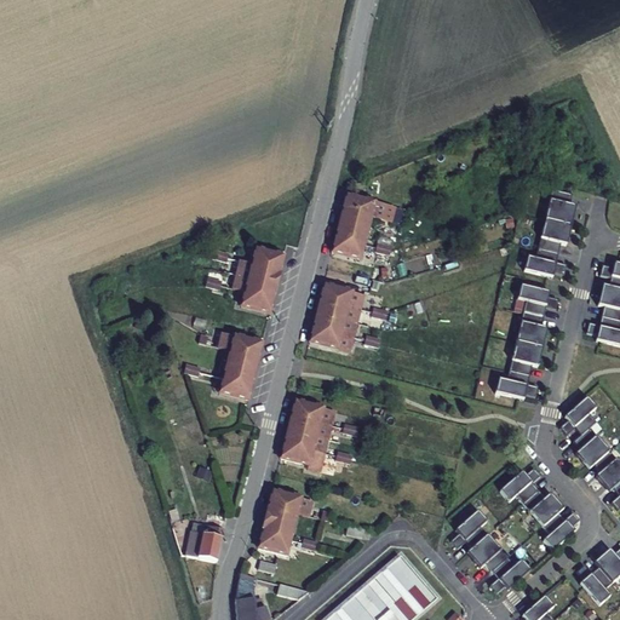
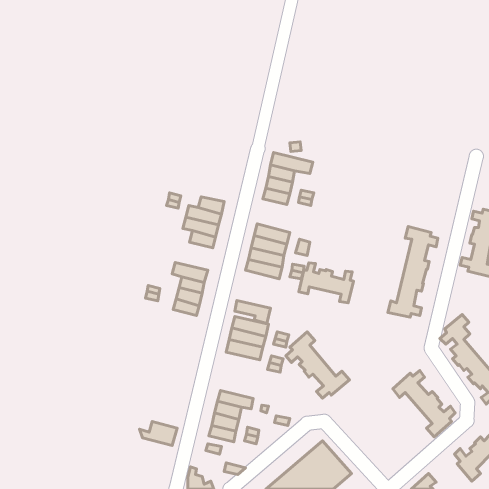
building: [521,189,573,277] -> none
building: none -> [299,263,353,303]
building: [286,442,331,471] -> [235,300,271,324]
building: [448,507,528,591] -> [286,332,349,398]

